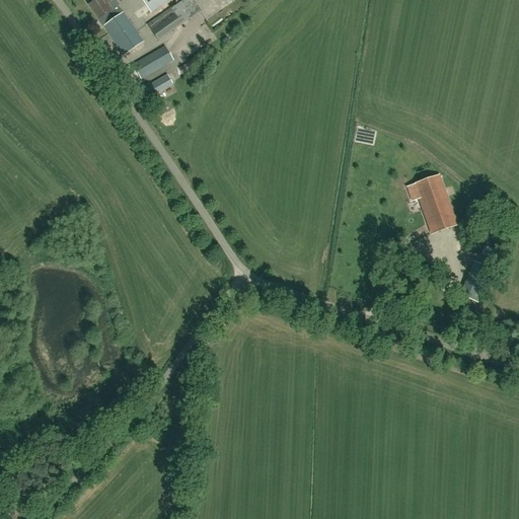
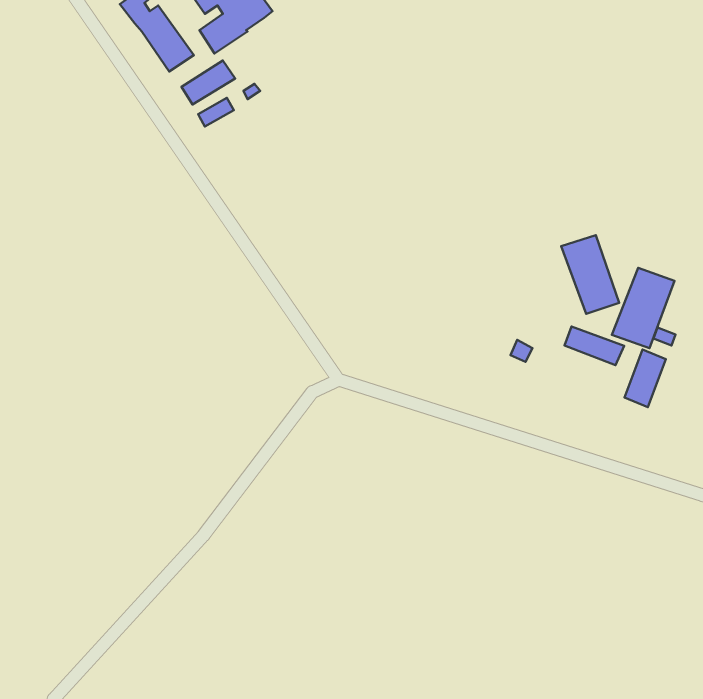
building: none -> [612,268,675,348]
building: none -> [564,326,624,365]

